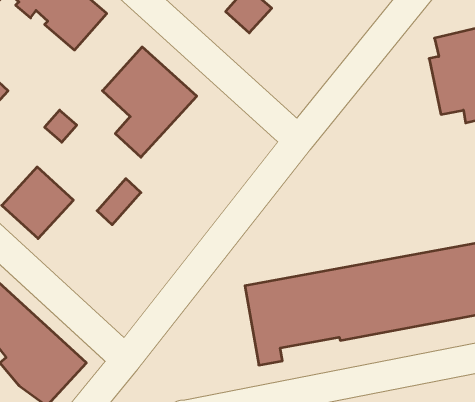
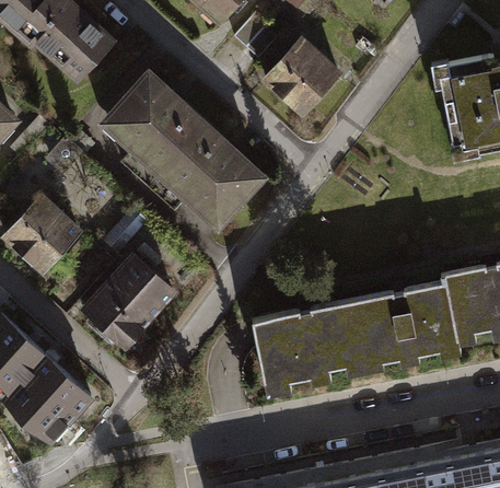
building: none -> [267,42,340,115]
building: none -> [149,126,261,222]
building: none -> [86,256,175,346]

